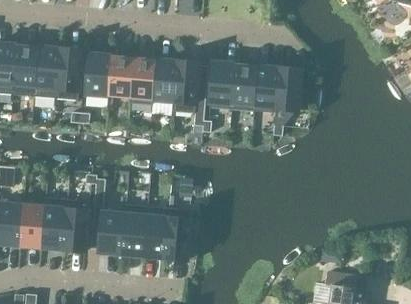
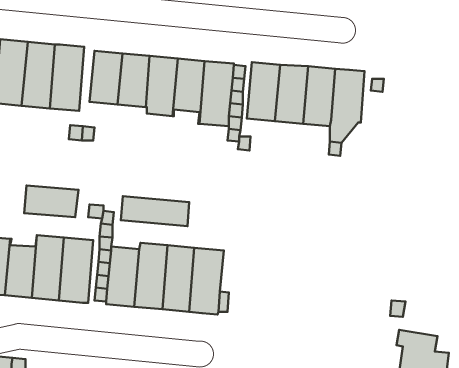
building: none -> [24,185,79,217]
building: none -> [121,196,189,226]

